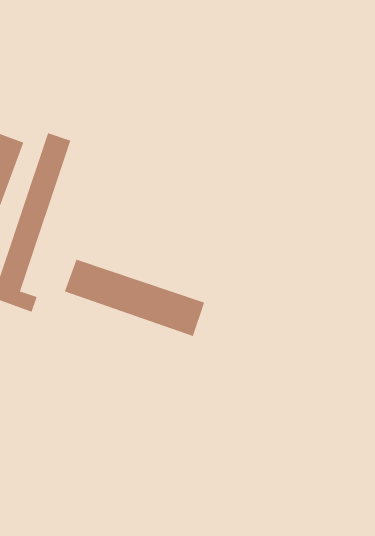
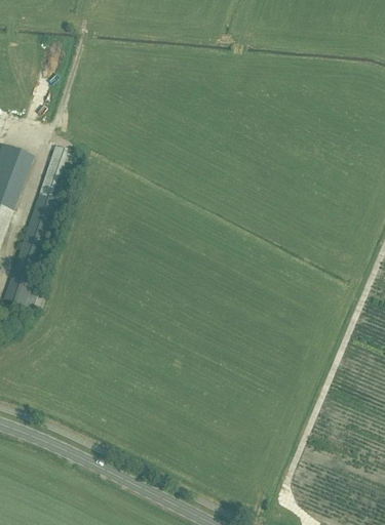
building: [64,259,205,337] -> none

